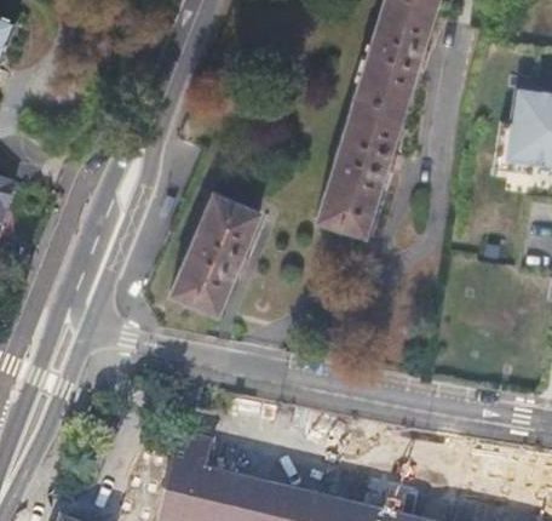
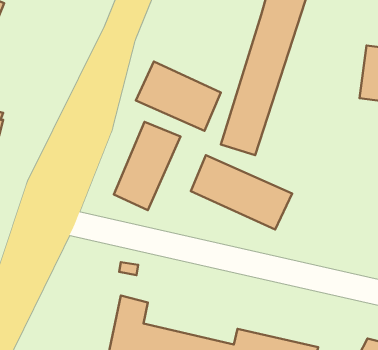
building: none -> [136,61,221,131]
building: none -> [191,155,292,230]

